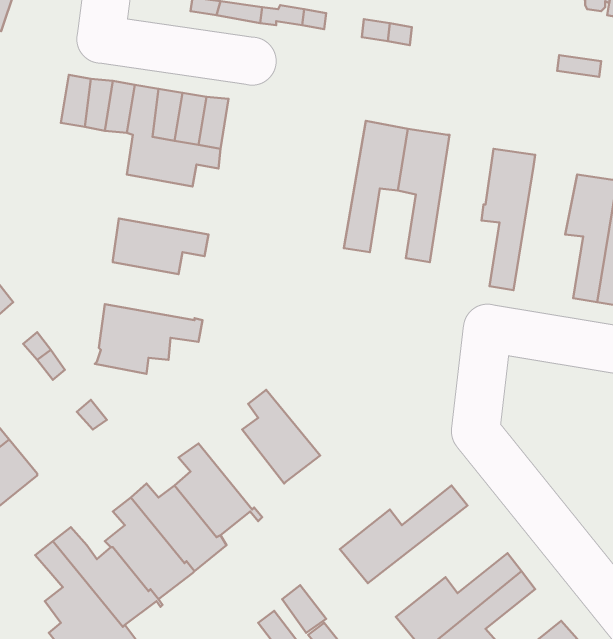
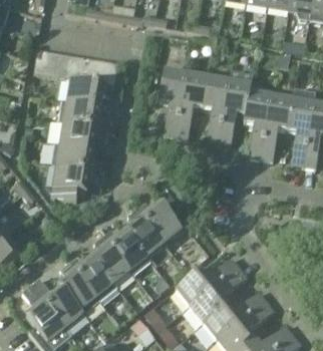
building: none -> [159,70,188,137]
building: none -> [220,70,253,146]
building: none -> [262,96,294,160]
building: none -> [59,100,109,130]
building: none -> [52,143,103,173]
building: none -> [137,202,182,242]
building: none -> [103,229,151,273]
building: none -> [189,267,246,323]

